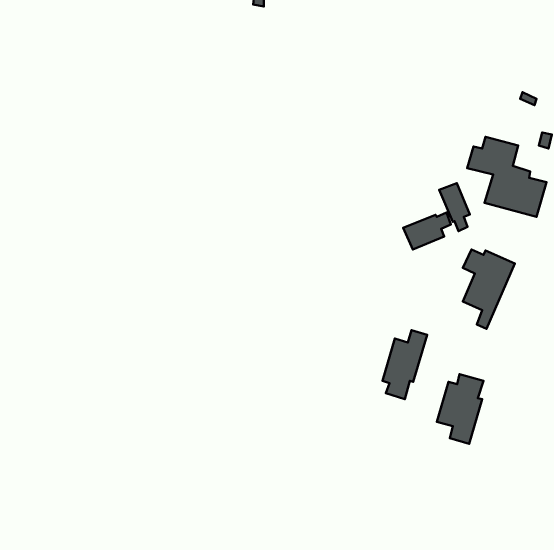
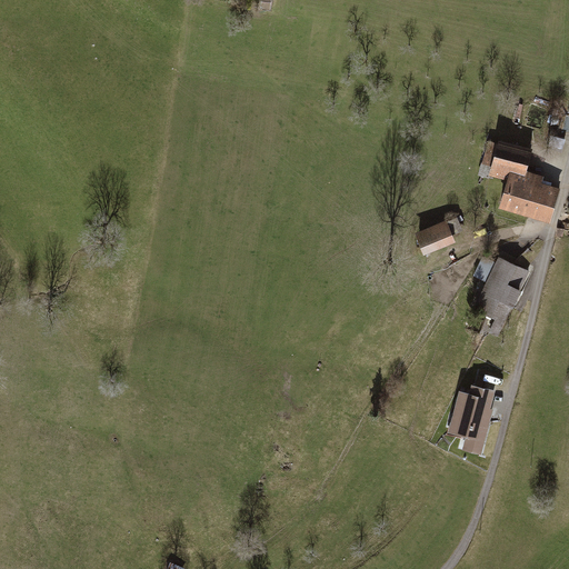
building: [439,183,470,231] -> none
building: [383,330,427,399] -> none

